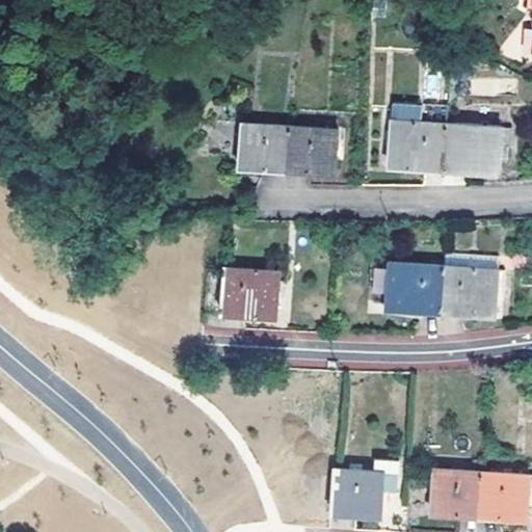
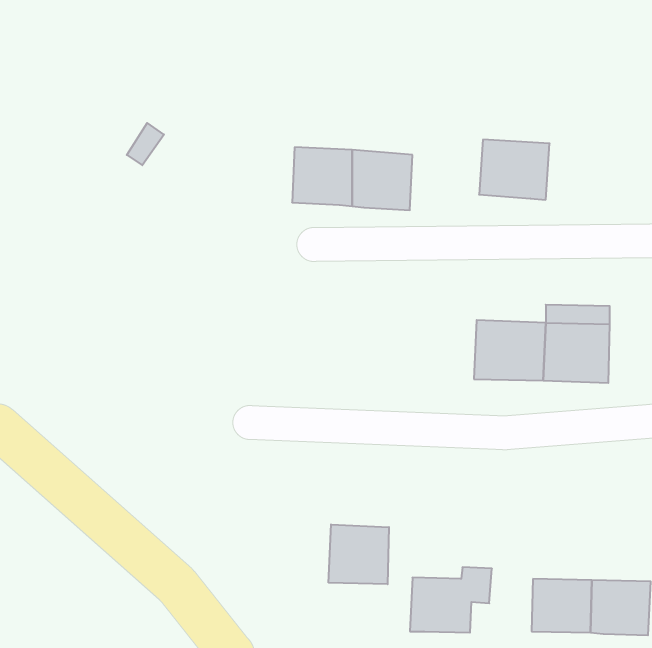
building: [443,122,500,170] -> none
building: [222,274,277,321] -> none
building: none -> [329,524,389,584]

